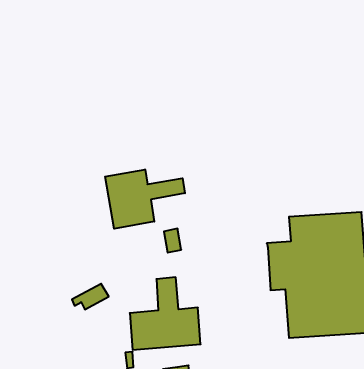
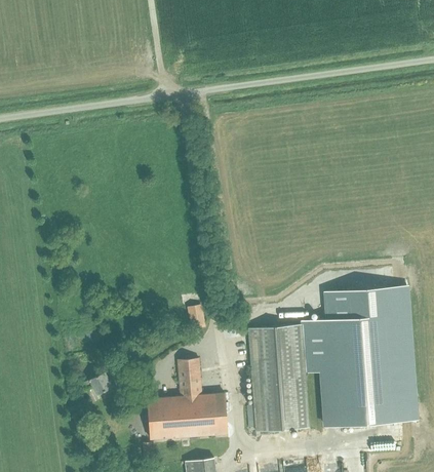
building: [105,169,185,229] -> none
building: none -> [248,325,309,432]

